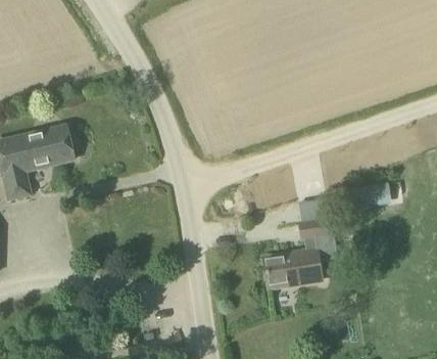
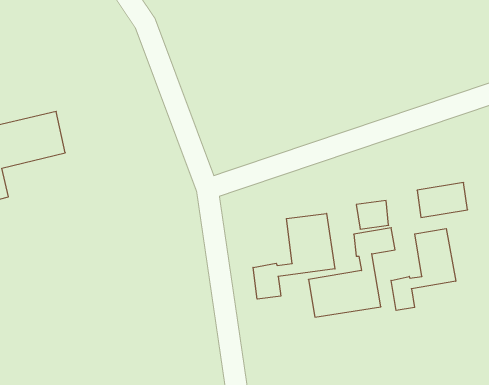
building: none -> [253,213,335,299]
building: none -> [391,229,456,310]

